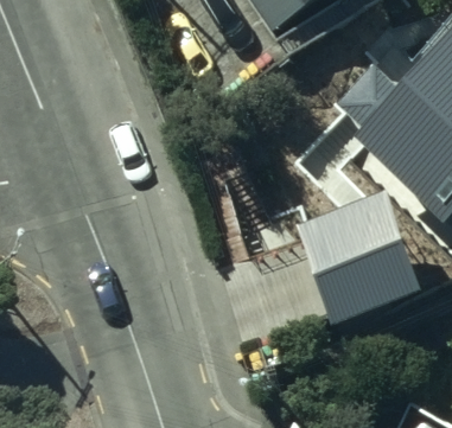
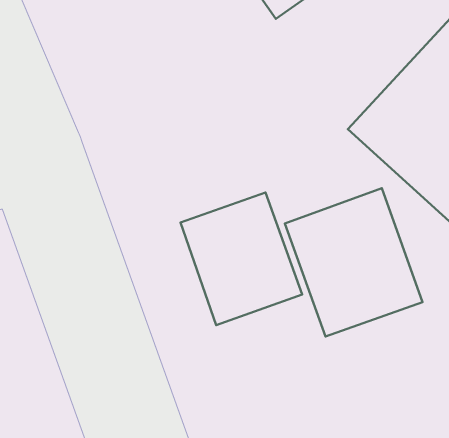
building: none -> [180,193,302,325]

